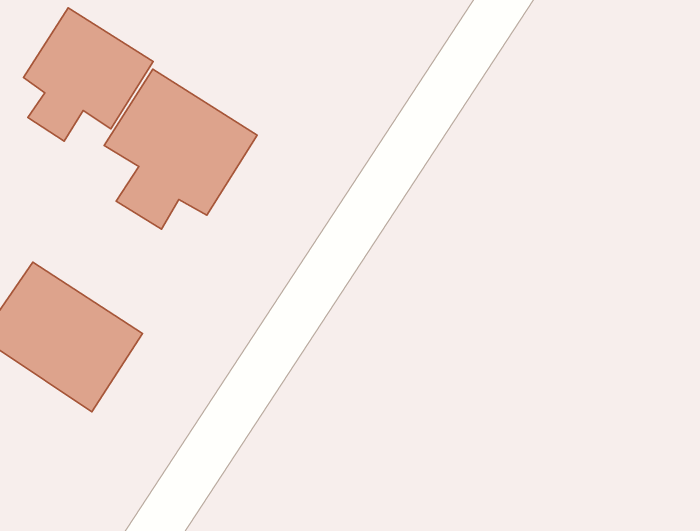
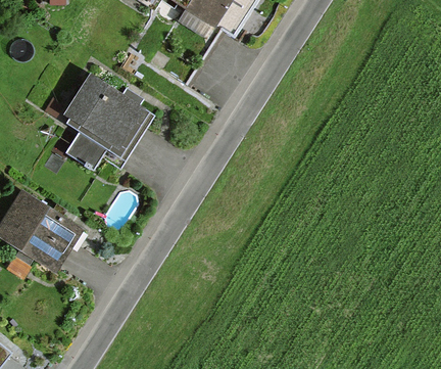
building: [24,8,153,141] -> none

